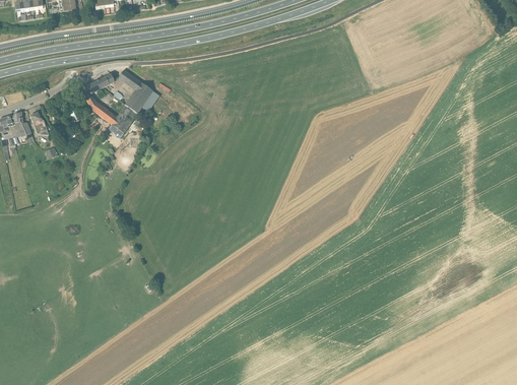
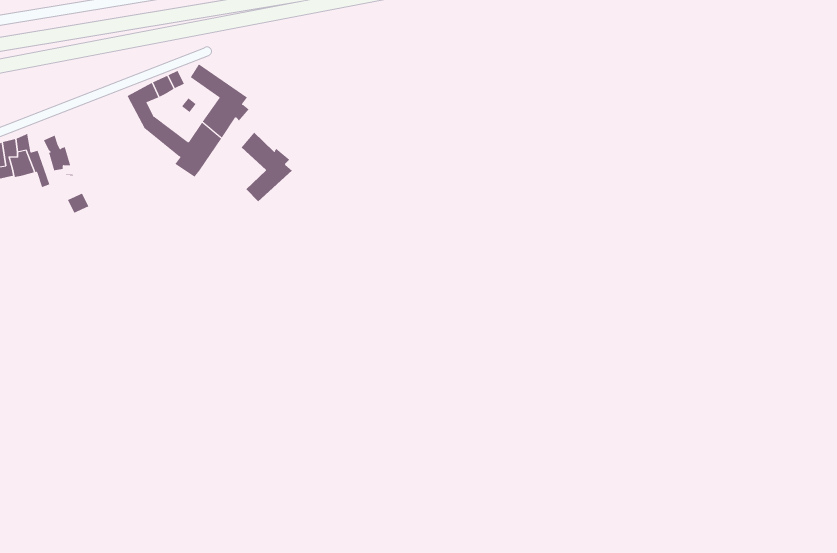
building: none -> [241,132,293,202]

